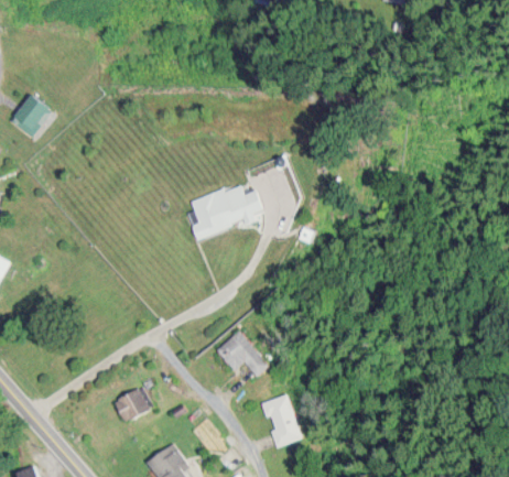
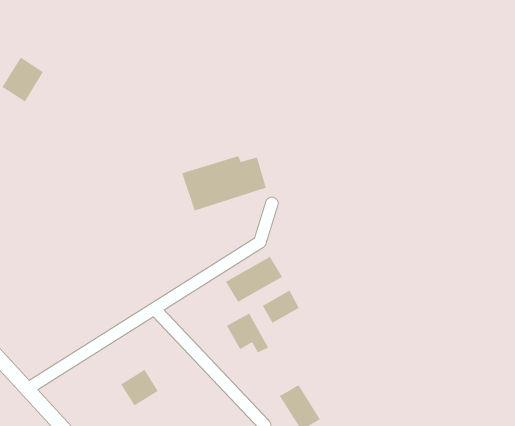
building: none -> [225,256,283,303]
building: none -> [262,290,300,324]

